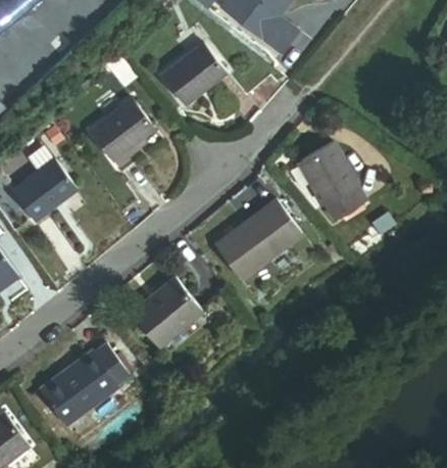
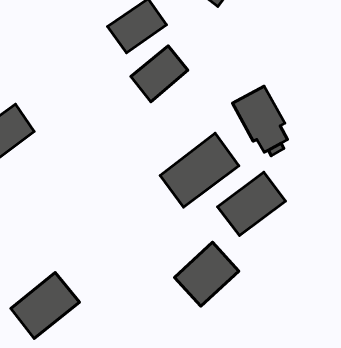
building: [88,97,152,160] -> [131,46,188,102]
building: none -> [218,172,285,235]
building: [135,277,207,349] -> [175,242,239,306]

